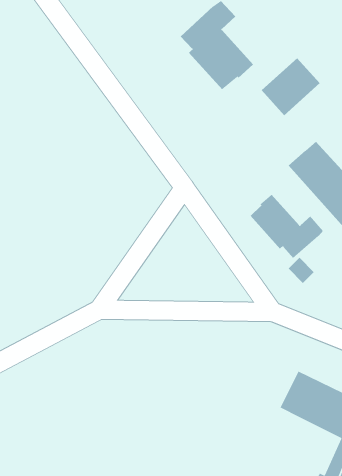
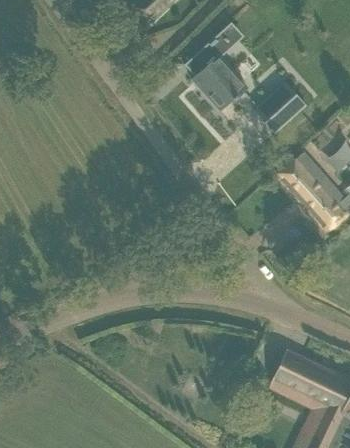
building: [250,194,324,259] -> none

